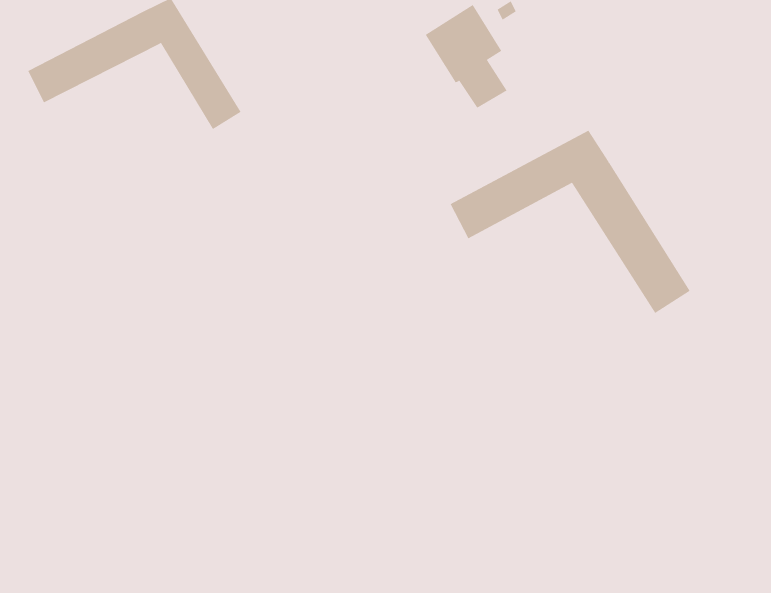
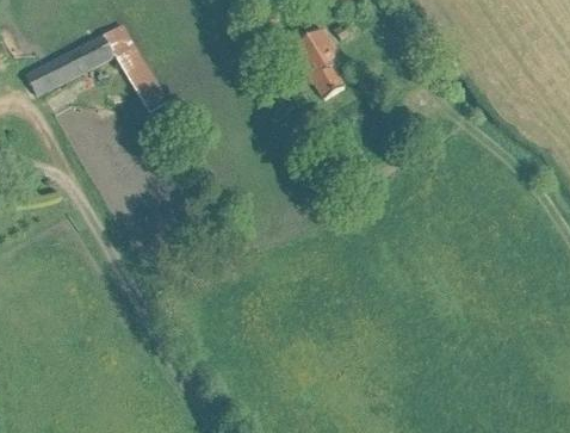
building: [450,130,691,314] -> none

